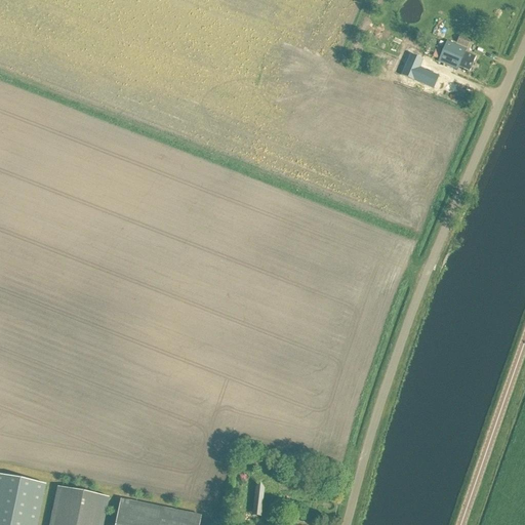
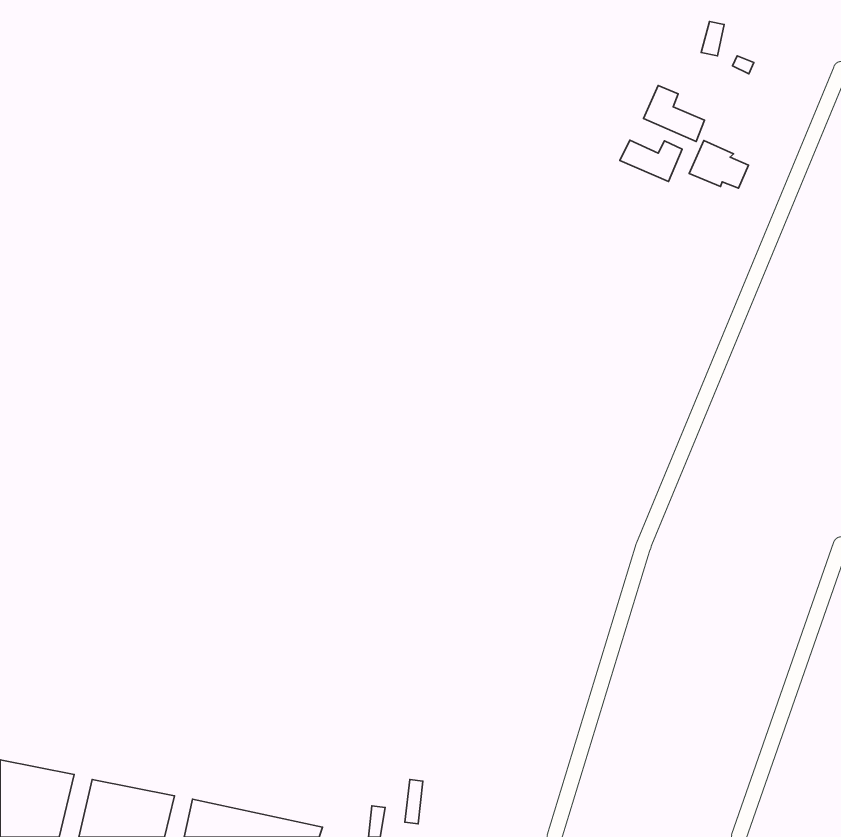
building: [438,40,475,70] -> [689,141,748,188]
building: none -> [620,140,682,182]

